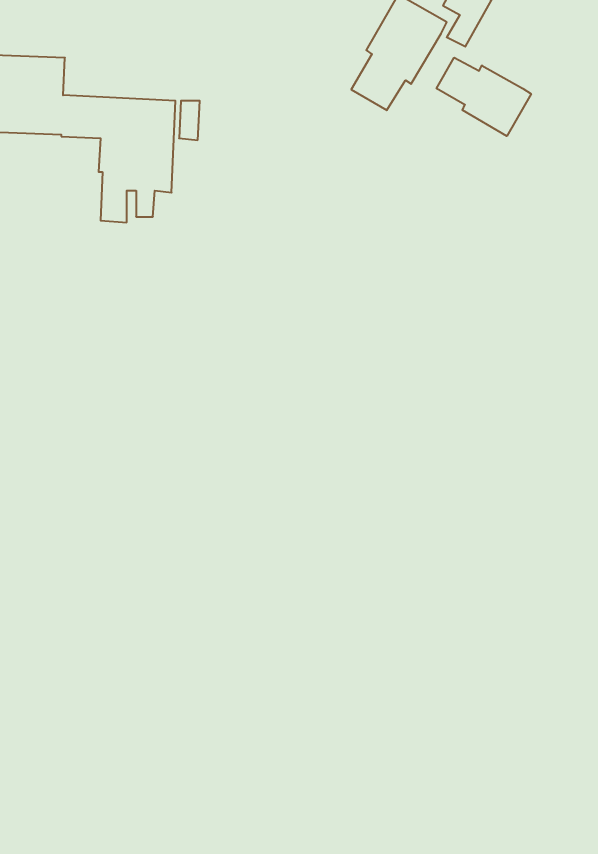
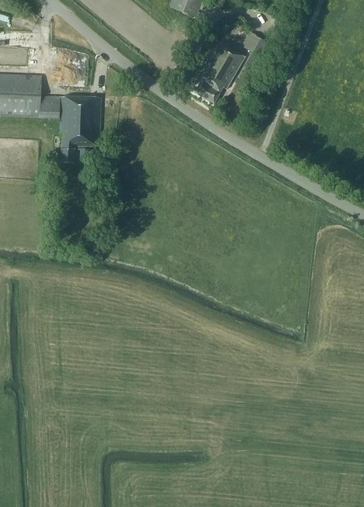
building: [437,58,531,136] -> none

